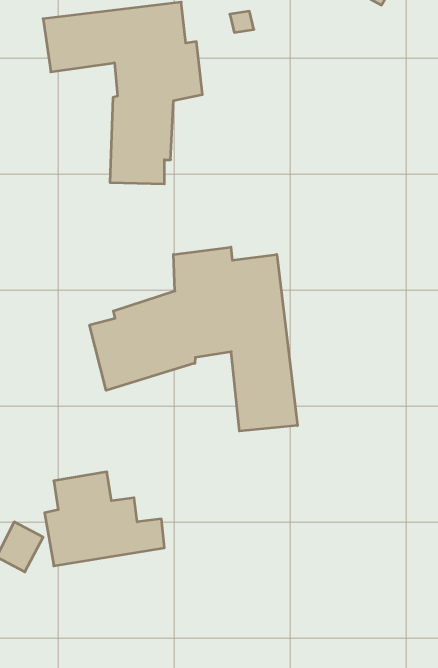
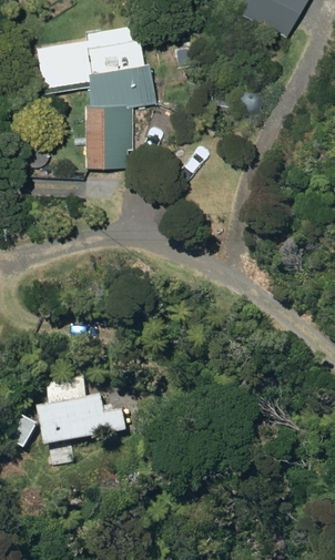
building: [90,247,297,431] -> none

